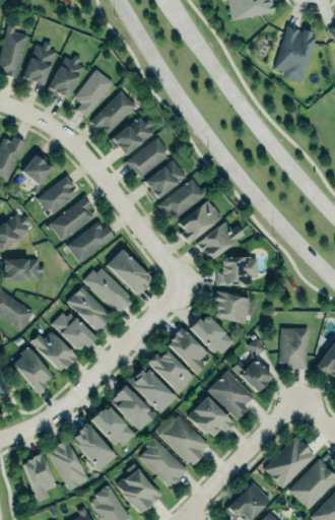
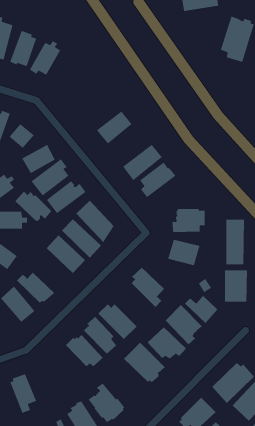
building: [73,70,114,119] -> none
building: [91,91,136,136] -> none
building: [111,116,155,158] -> none
building: [144,159,186,200] -> none
building: [196,220,244,259] -> none
building: none -> [226,219,245,265]
building: [51,313,95,349] -> [15,191,52,221]
building: [189,316,234,354] -> none
building: [146,350,193,394] -> none
building: [72,422,116,471] -> none
building: [48,440,87,491] -> none
building: [137,440,187,489] -> none

